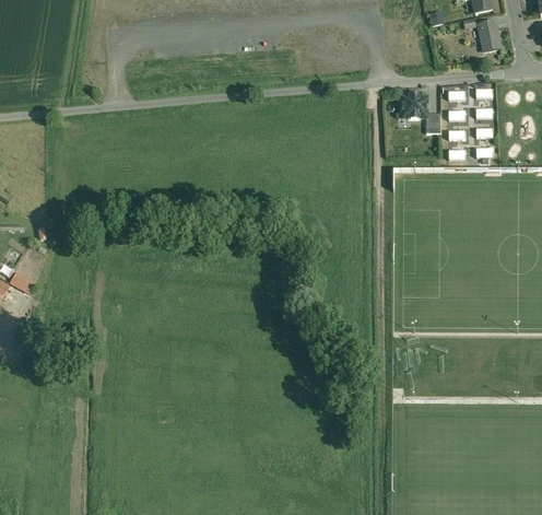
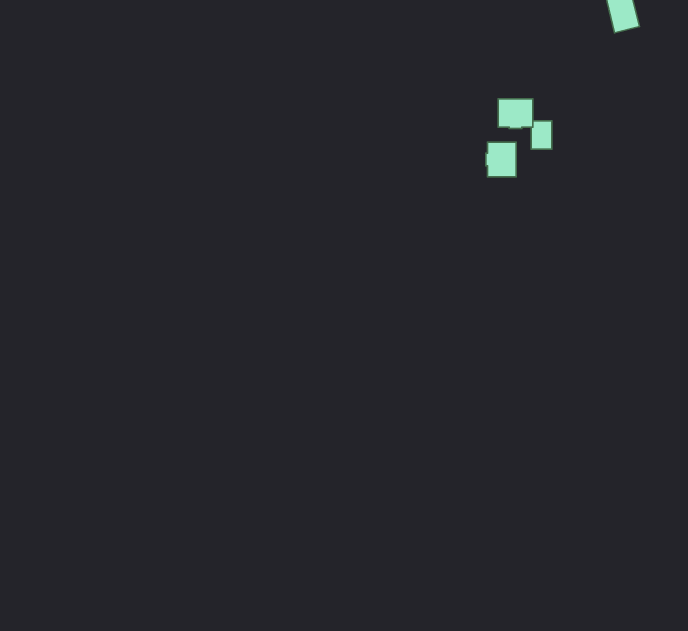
building: none -> [486,142,516,177]

